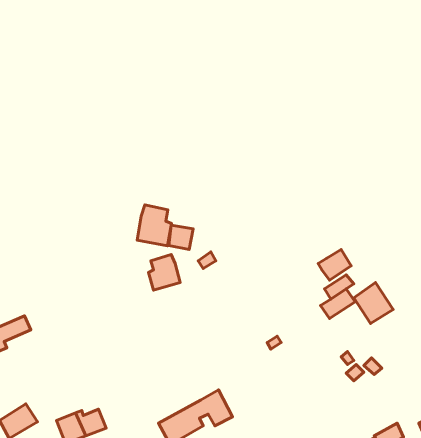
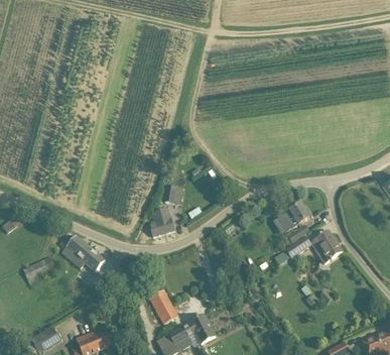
building: [137,205,172,246] -> none
building: none -> [58,233,105,271]
building: none -> [149,289,177,324]

